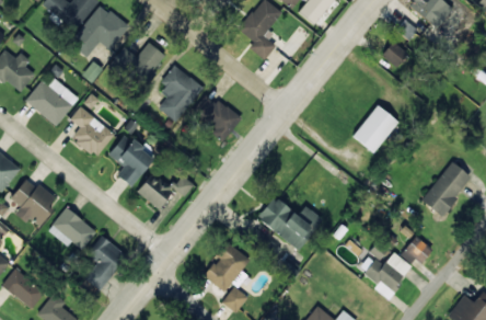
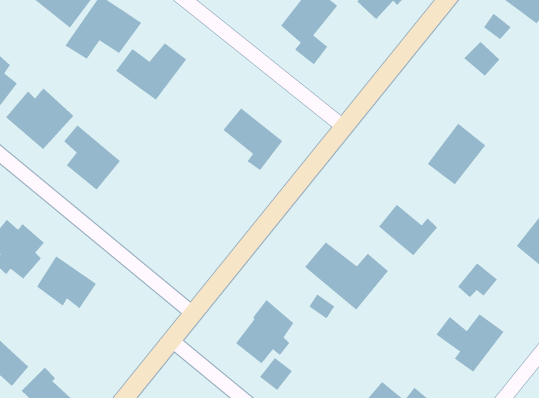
building: [158,64,204,122] -> none
building: [108,134,154,186] -> none
building: none -> [378,204,438,256]
building: [137,170,195,208] -> none
building: [84,235,127,289] -> none
building: [401,236,432,263] -> [457,263,498,298]

